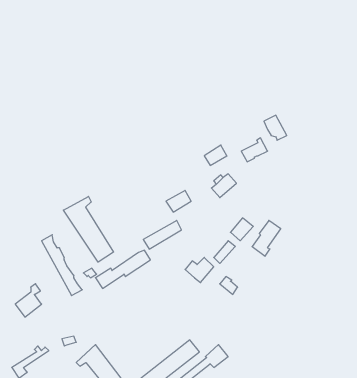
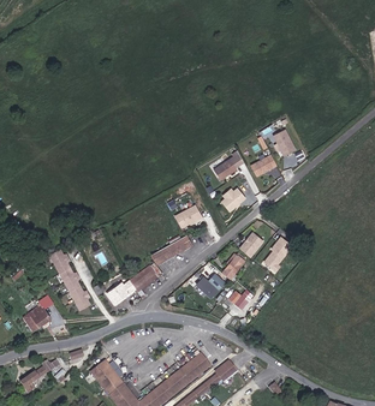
building: [63,196,114,262] -> none

